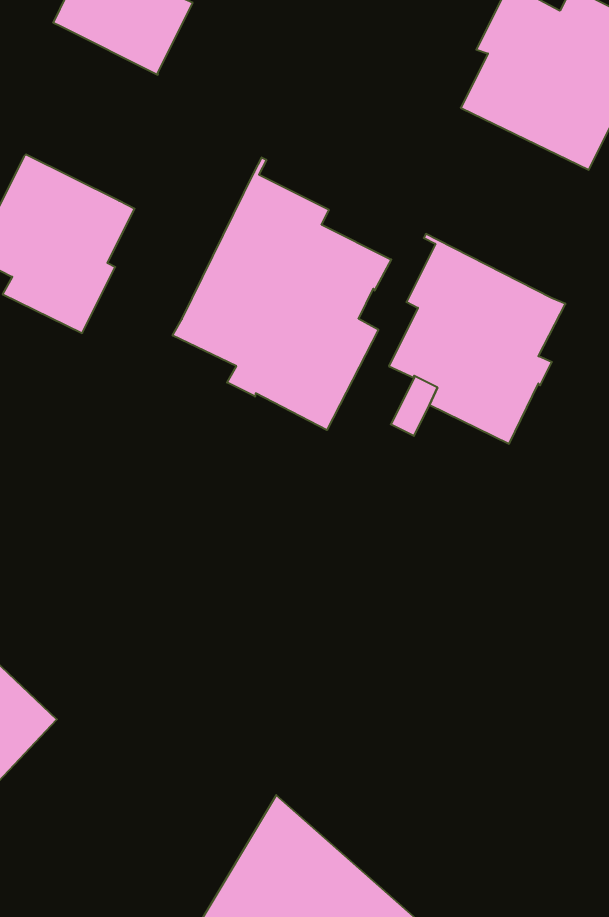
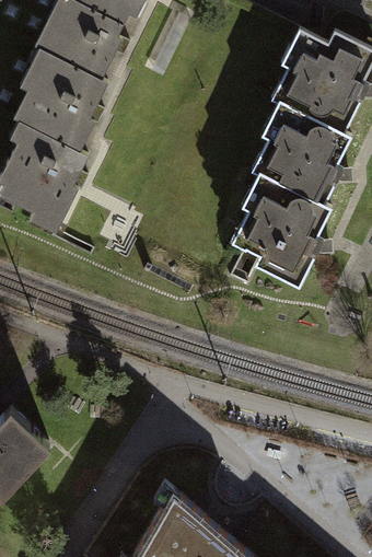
building: none -> [22,53,109,151]
building: none -> [254,98,352,206]
building: [173,157,391,430] -> none

